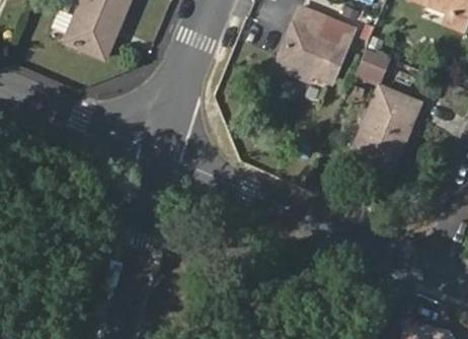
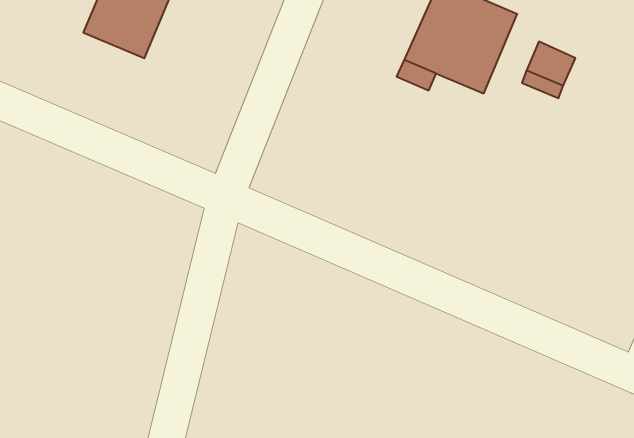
building: [354,86,421,172] -> none

